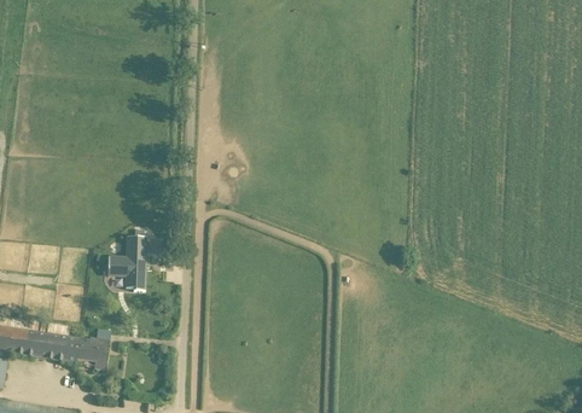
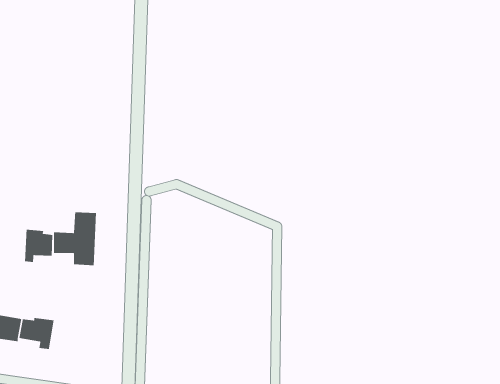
building: none -> [24,229,53,263]

